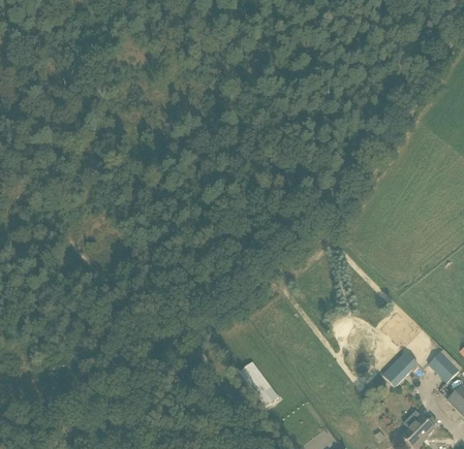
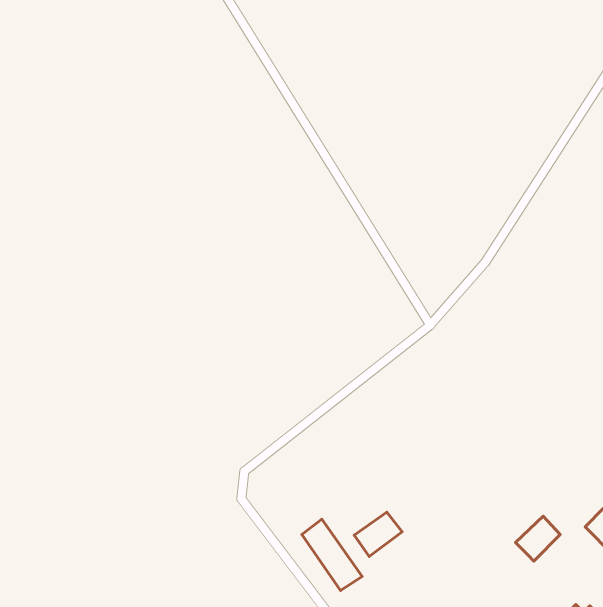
building: none -> [354,512,402,557]

